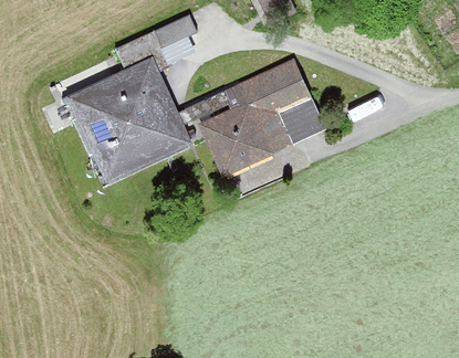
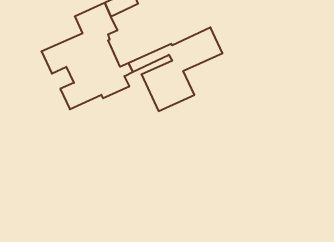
building: [255,98,321,152] -> none

